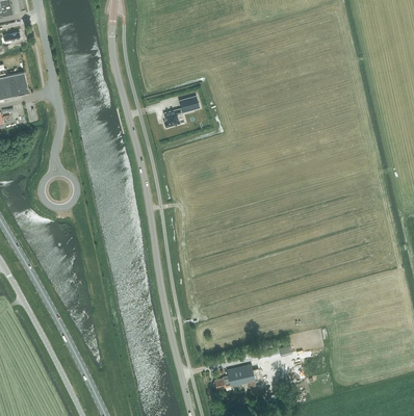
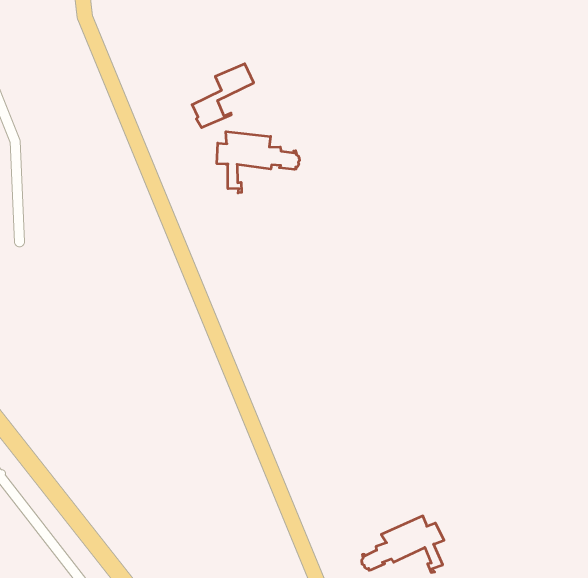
building: none -> [217,132,300,193]

